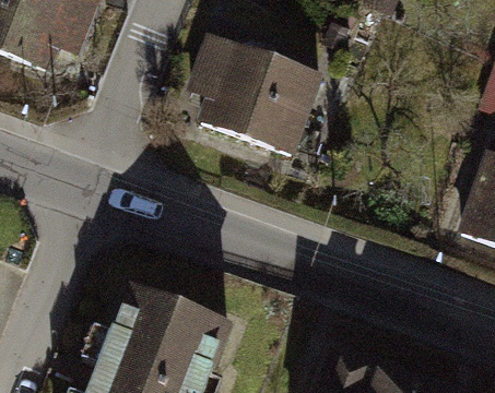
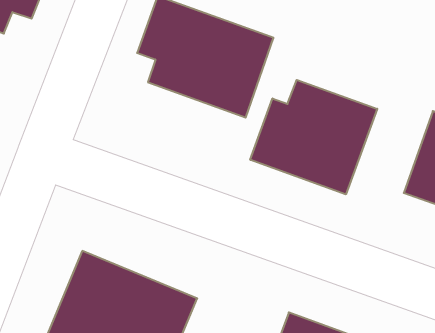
building: none -> [250,80,377,194]

